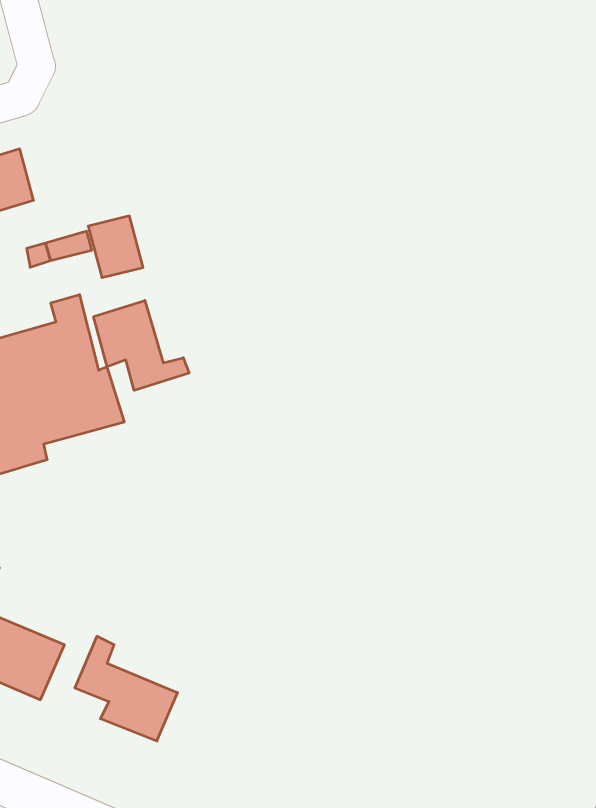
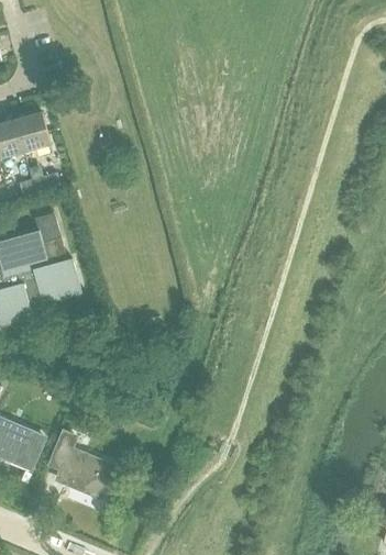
building: [88,216,143,278] -> [14,112,49,152]
building: [94,300,189,390] -> none

